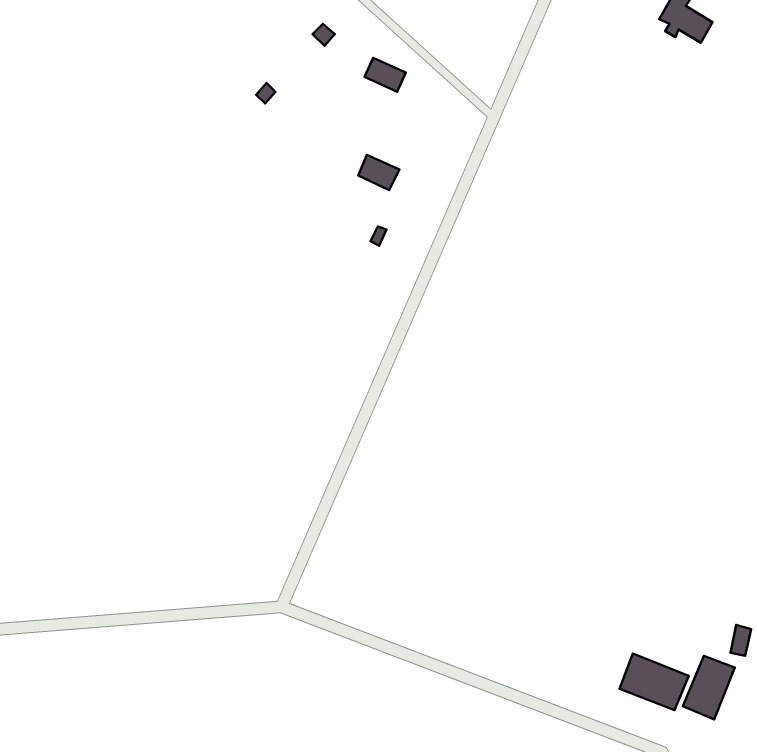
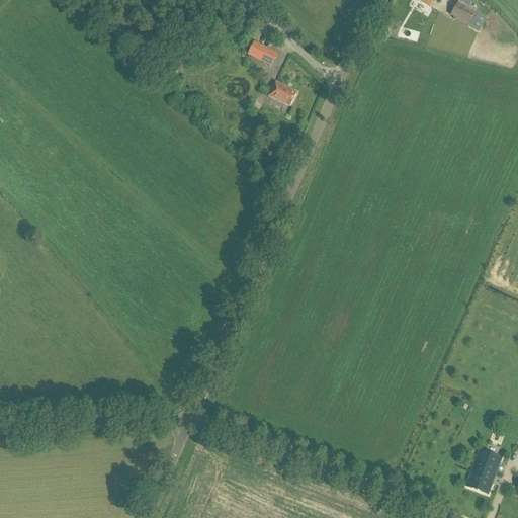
building: [358,155,400,190] -> [269,80,297,104]
building: [619,653,689,710] -> none

